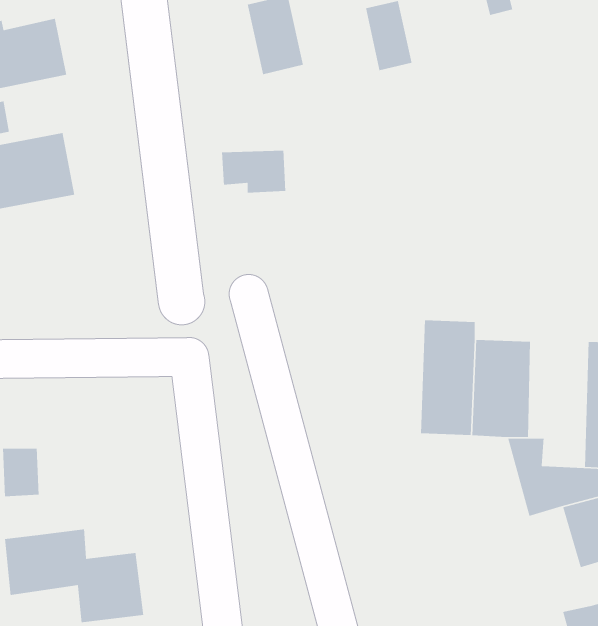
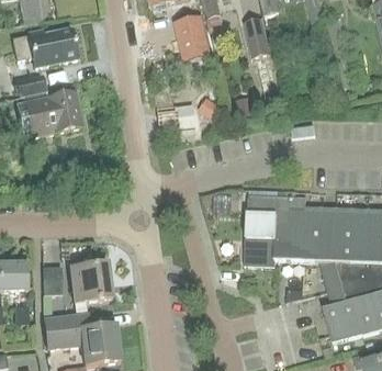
building: none -> [245,194,277,267]
building: none -> [335,207,368,278]
building: none -> [68,262,113,303]
building: none -> [323,300,363,341]

